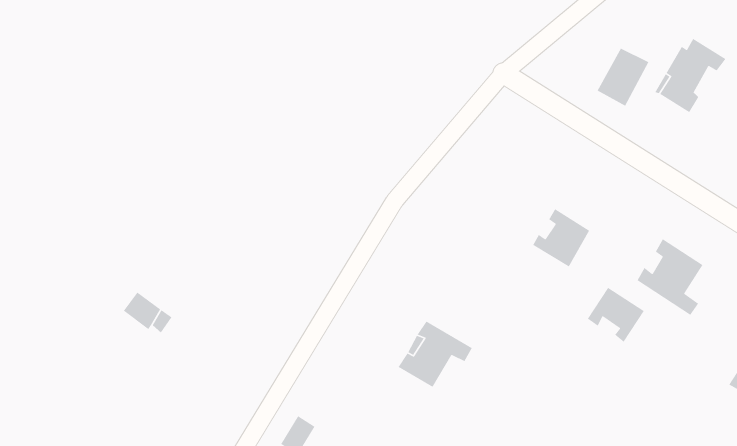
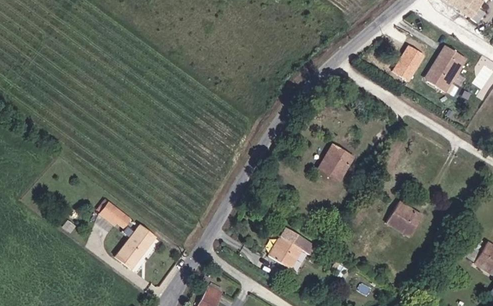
building: [532,208,590,268] -> [319,143,355,180]
building: [637,238,704,316] -> none
building: none -> [114,227,153,272]

